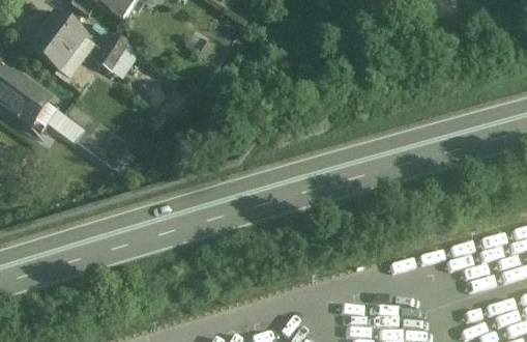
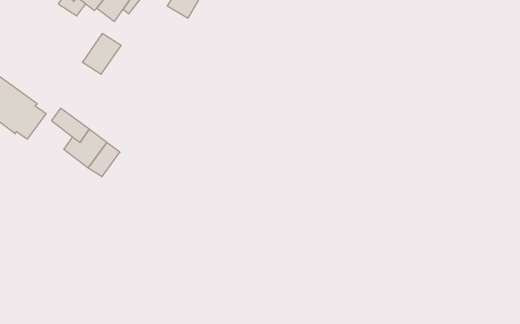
building: [28,12,87,73] -> none

